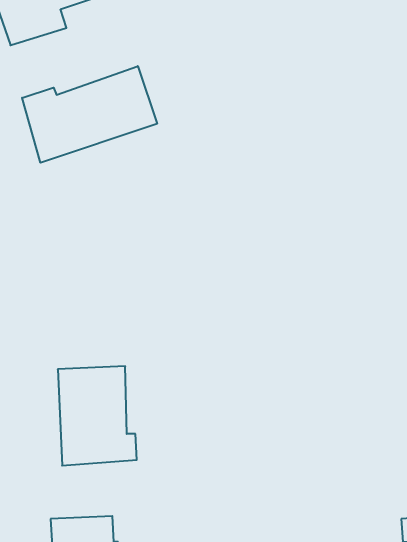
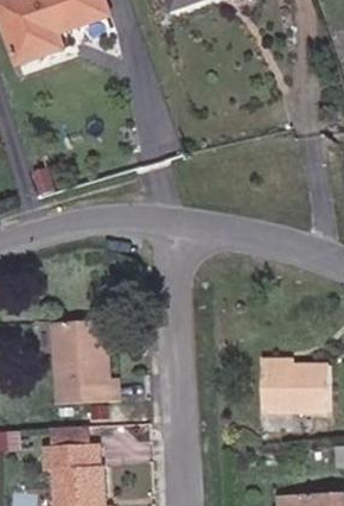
building: [22,66,157,163] -> none
building: none -> [262,367,327,412]

